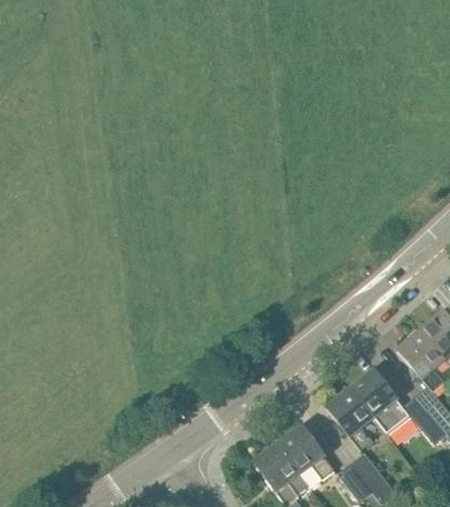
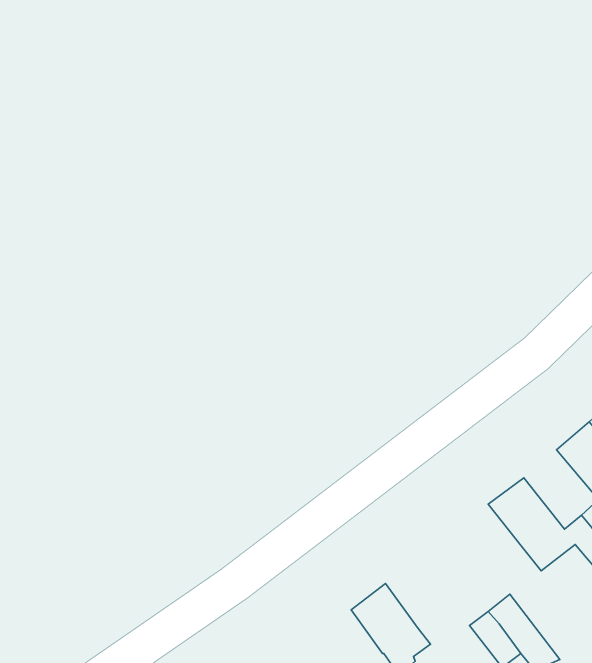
building: [326,386,373,448] -> none
building: [277,423,334,478] -> none

